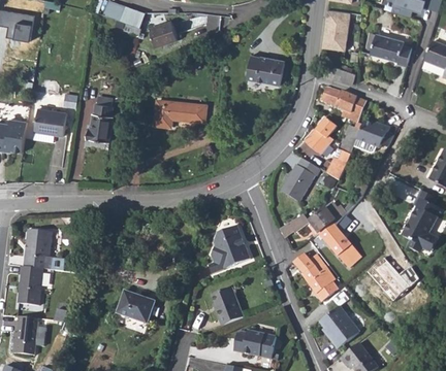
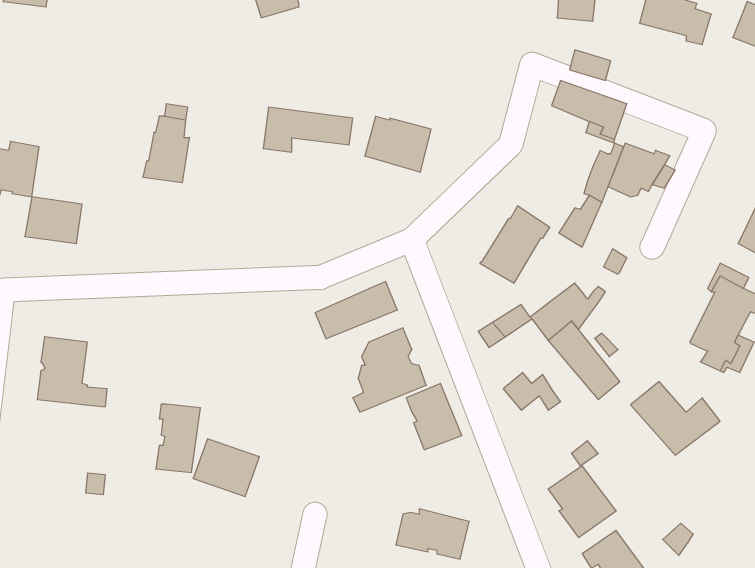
building: [246,56,284,88] -> [365,116,431,172]
building: [34,109,67,136] -> [25,197,82,244]
building: [306,115,337,155] -> none
building: none -> [315,281,397,339]
building: [304,265,338,300] -> none
building: [20,267,45,306] -> [156,404,201,472]
building: [211,286,243,325] -> [406,383,462,450]
building: [11,315,37,353] -> none

